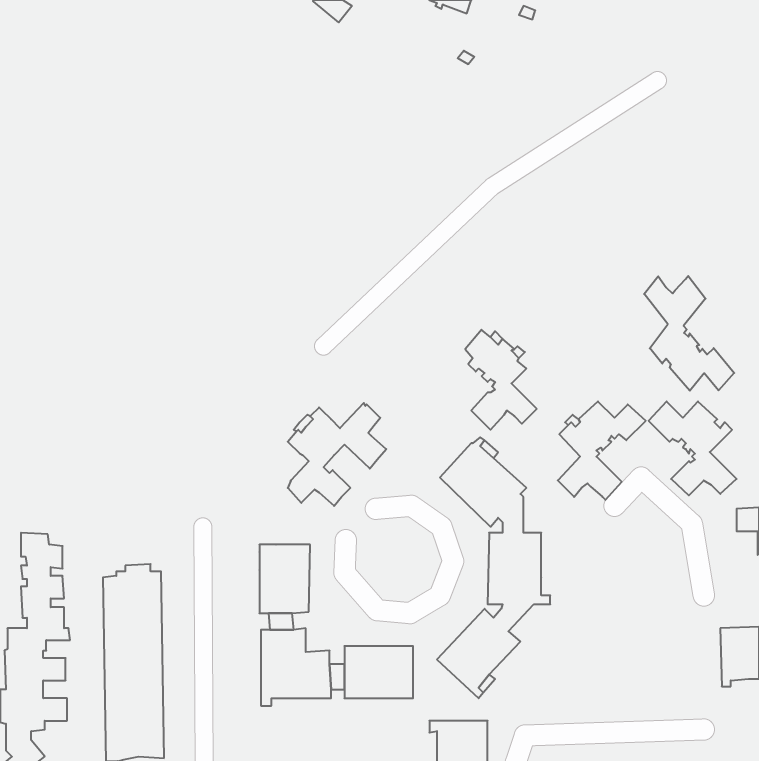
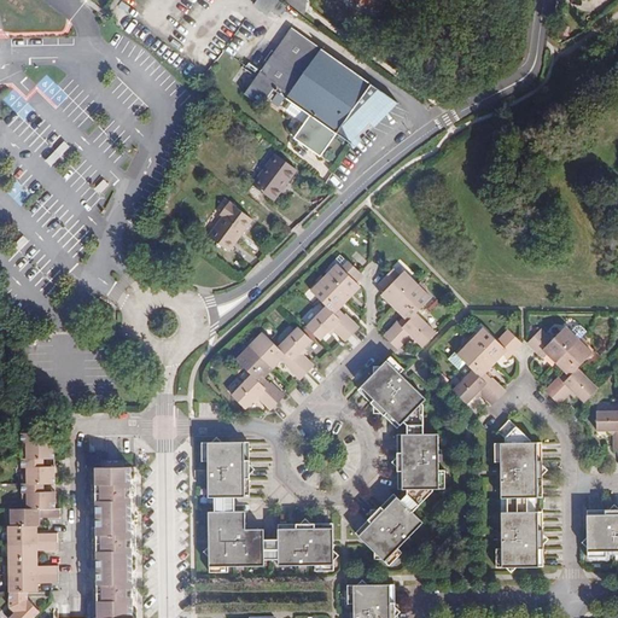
building: none -> [241,28,398,153]
building: none -> [251,156,295,202]
building: none -> [206,203,250,253]
building: [644,276,734,391] -> none
building: none -> [303,260,361,343]
building: none -> [495,442,543,566]

